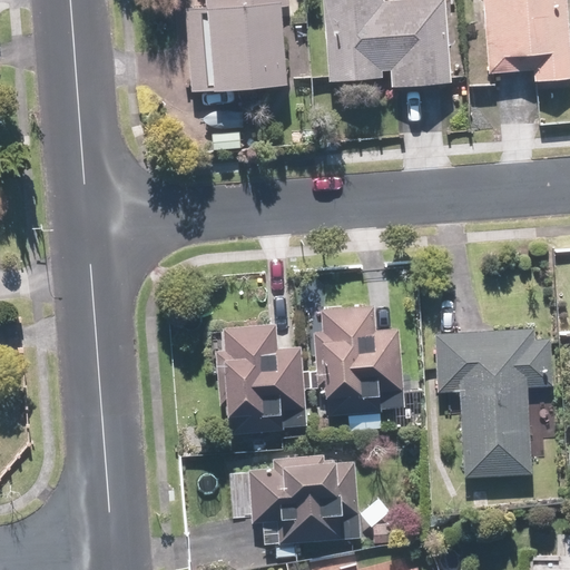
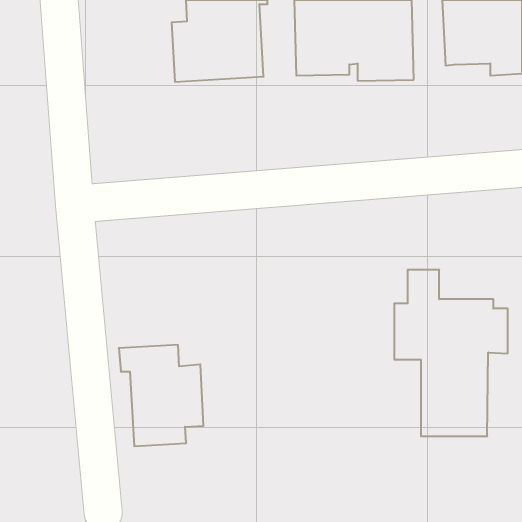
building: [311,306,402,416] -> none
building: [213,324,305,434] -> [119,345,204,446]
building: [237,455,363,544] -> none

